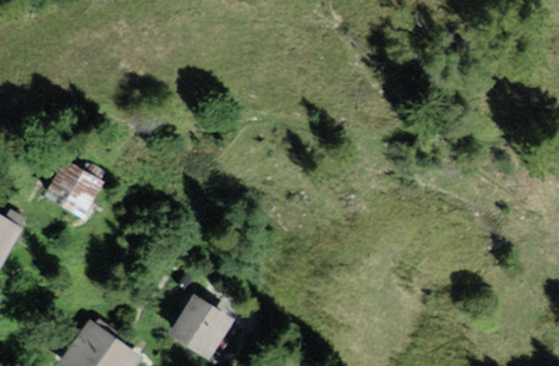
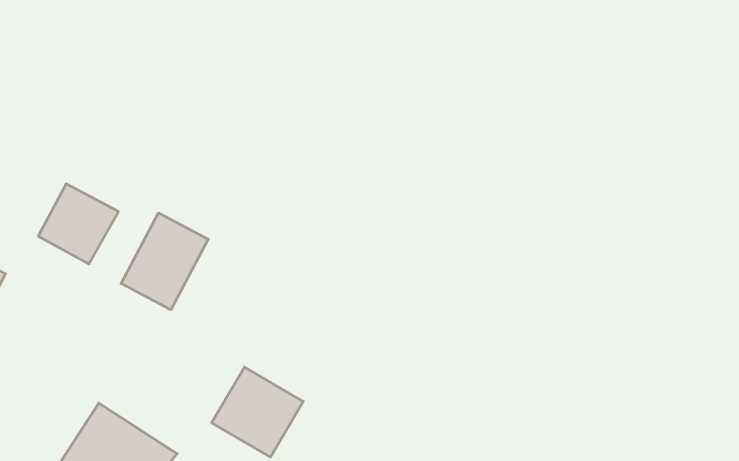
building: none -> [121,213,208,310]

